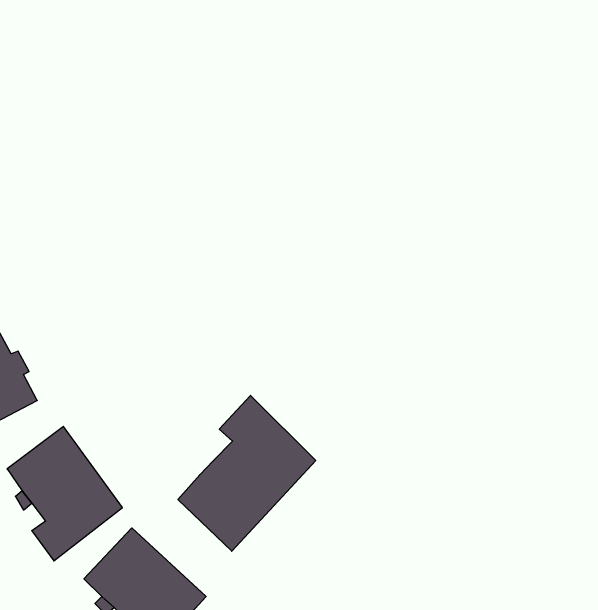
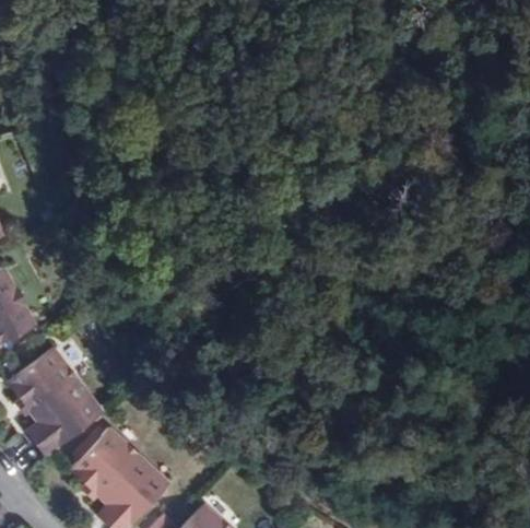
building: [178,395,316,551] -> none

